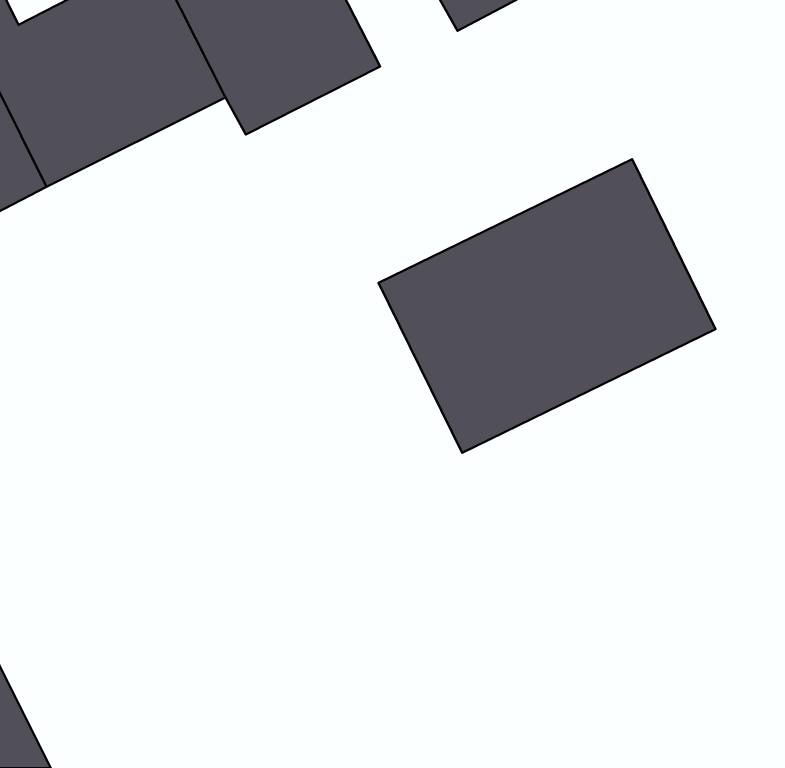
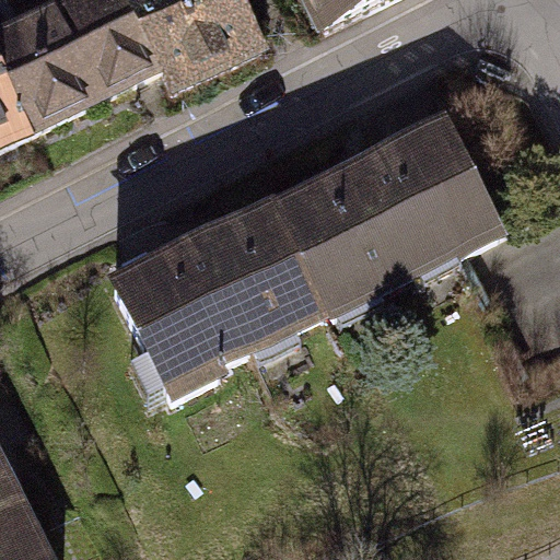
building: none -> [110,200,327,406]

